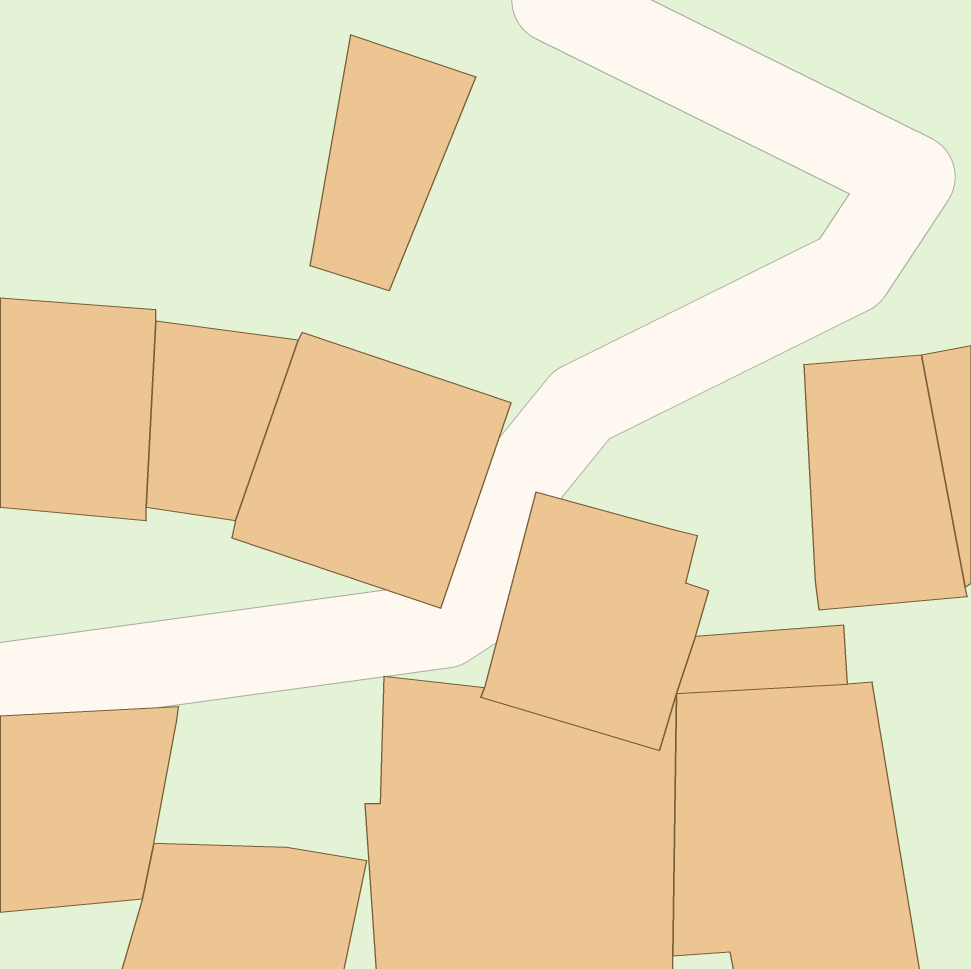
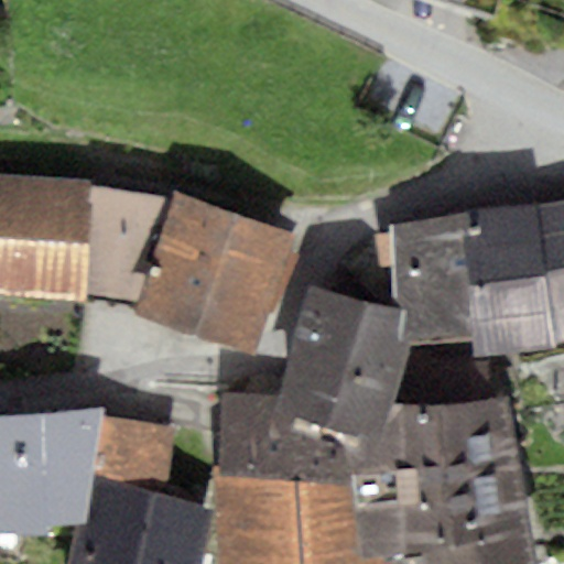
building: [310,35,476,291] -> none
building: none -> [379,213,473,344]
building: none -> [89,419,174,492]

